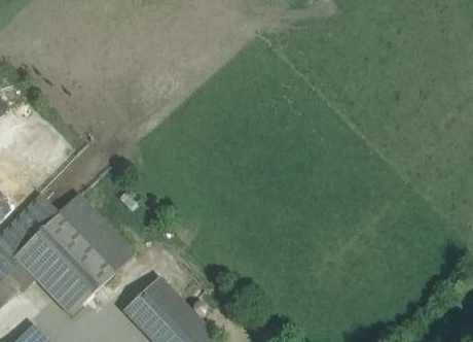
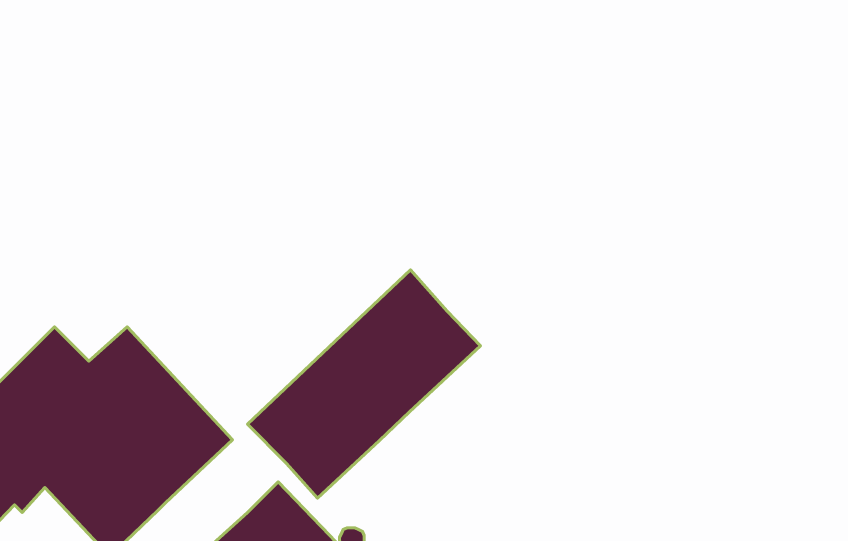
building: none -> [248,270,480,498]

